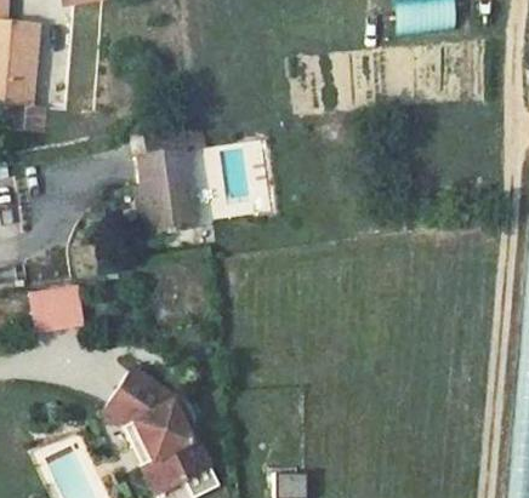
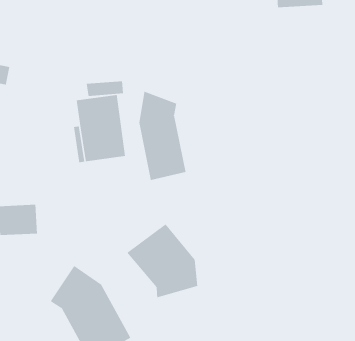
building: none -> [139,91,186,181]
building: none -> [127,224,198,298]

